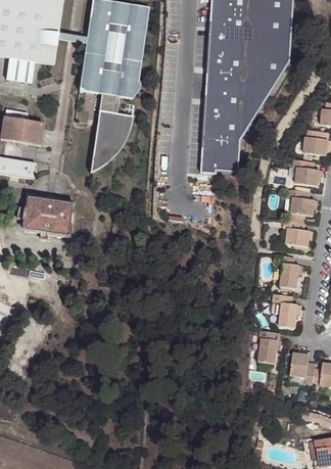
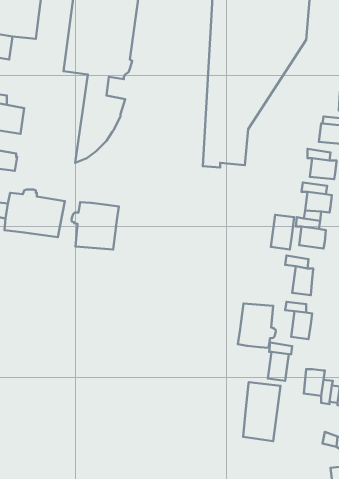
building: none -> [71,202,119,250]
building: none -> [271,215,294,249]
building: none -> [238,304,276,348]
building: none -> [243,382,281,441]

